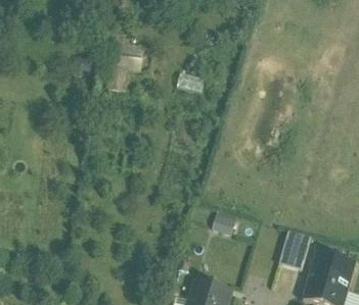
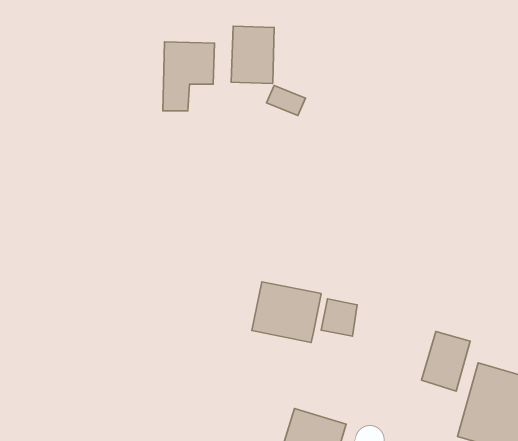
building: none -> [231,26,274,83]
building: none -> [252,282,321,342]

